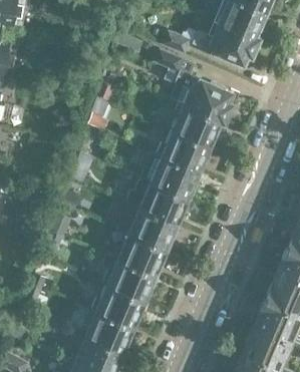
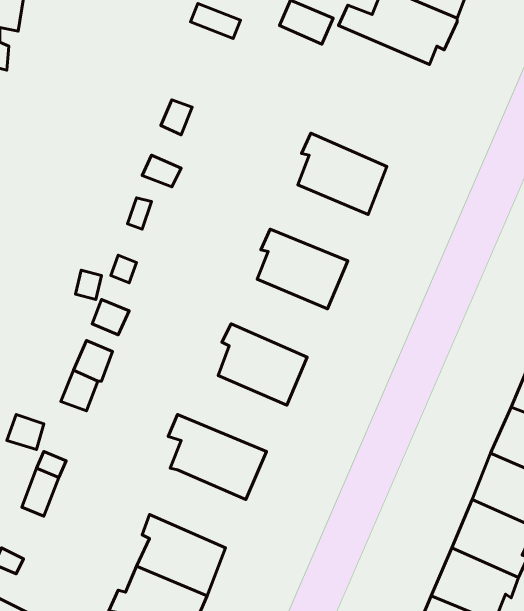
building: [155,51,230,122] -> none
building: [157,131,210,172] -> none
building: [135,182,188,225] -> none
building: [113,235,166,276] -> none
building: [91,286,143,328] -> none

